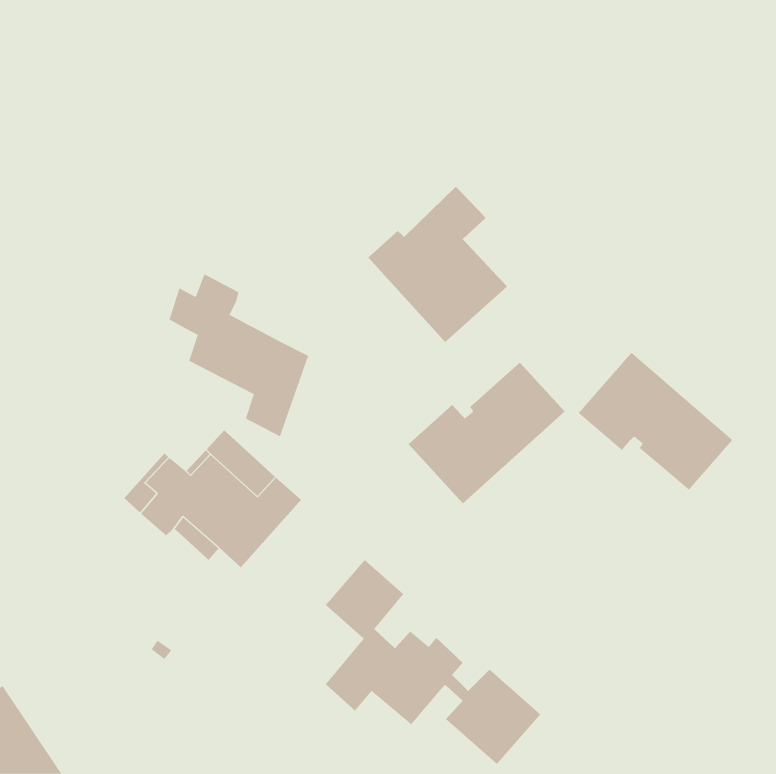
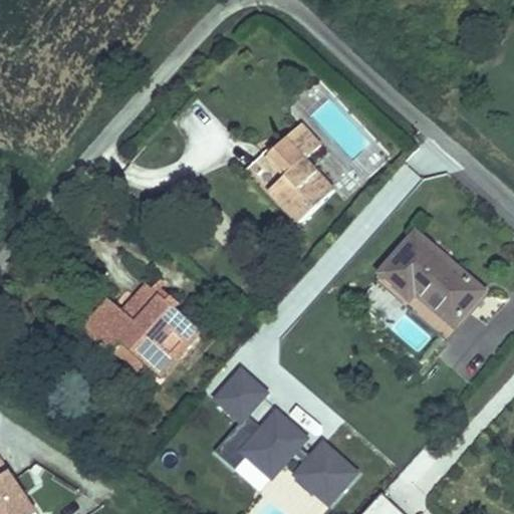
building: [169,273,309,437] -> none
building: [408,362,565,504] -> none

